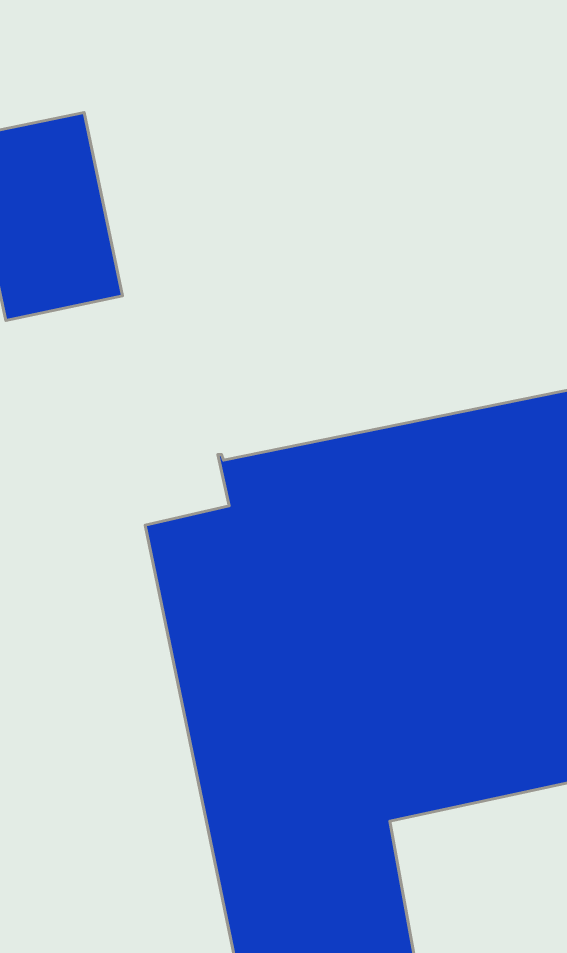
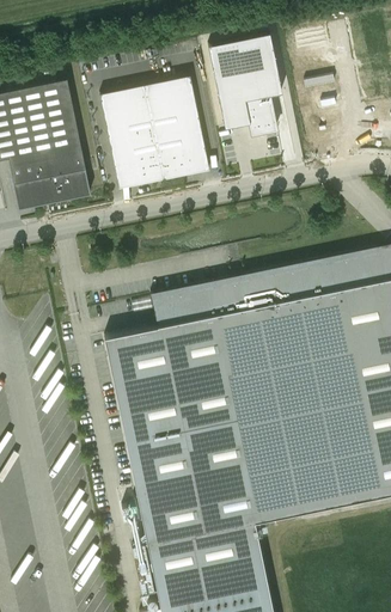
building: none -> [207,33,281,136]
building: none -> [99,78,209,190]

